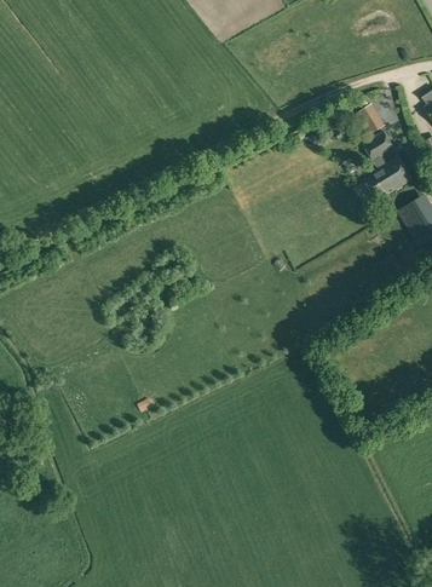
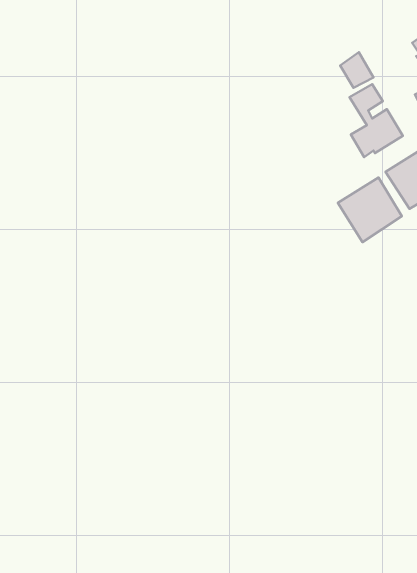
building: none -> [338,177,402,242]

